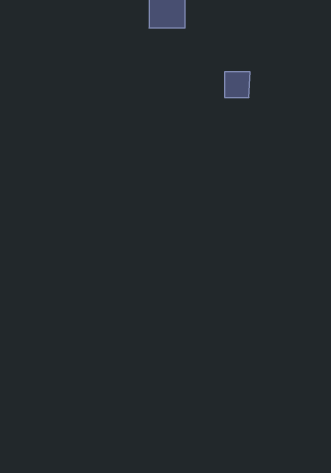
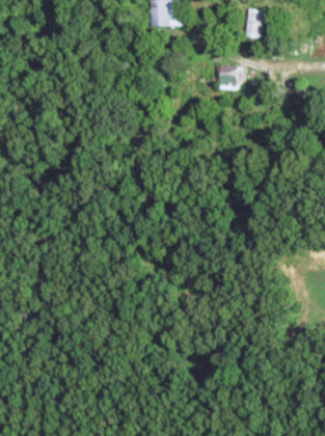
building: none -> [244,8,264,39]

